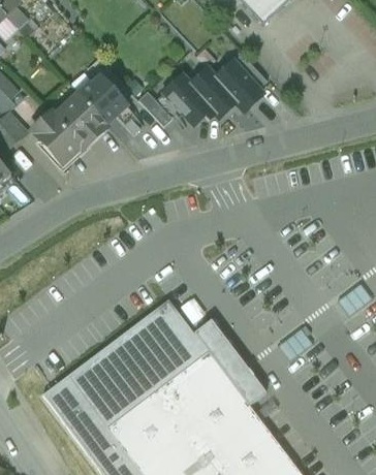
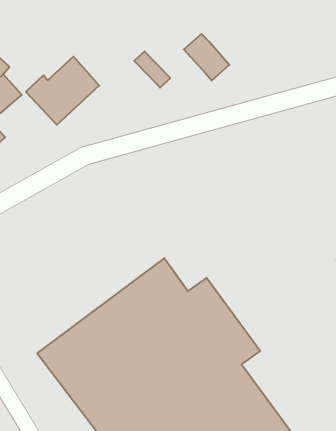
building: [216,65,261,113] -> none
building: [80,80,125,124] -> none
building: [165,80,212,128] -> none

